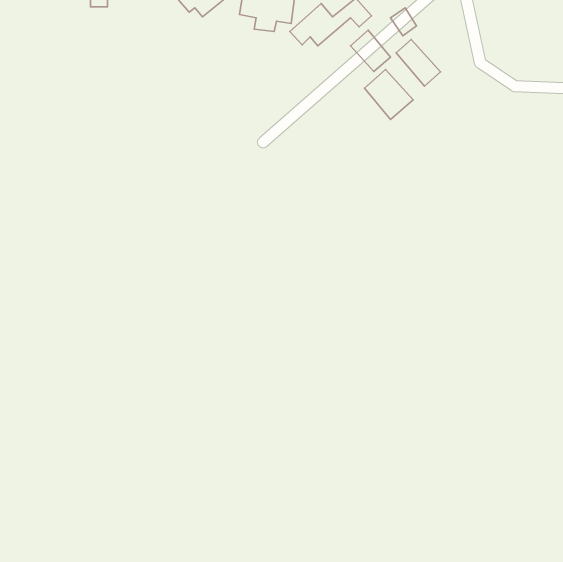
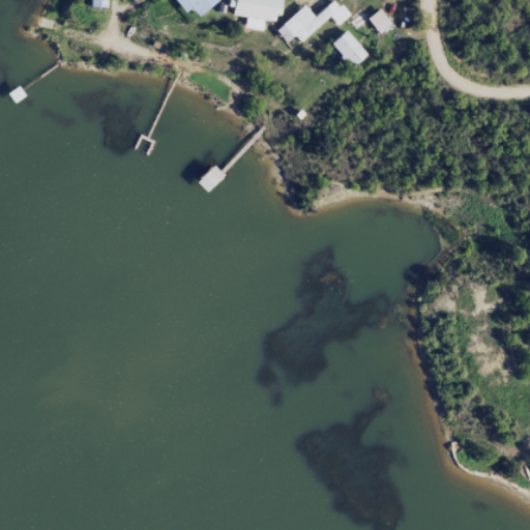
building: [396,39,441,86] -> none
building: [364,70,413,120] -> none

